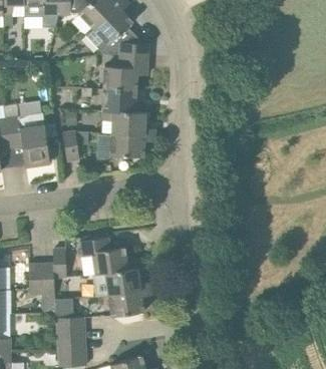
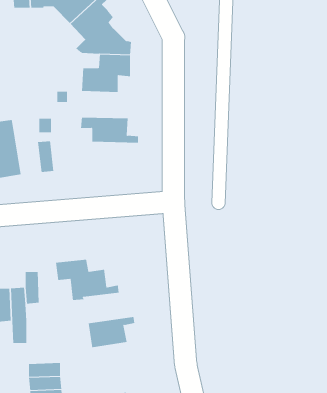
building: [103,88,145,112] -> none
building: [111,133,154,156] -> none
building: [92,268,150,297] -> none
building: [55,298,85,331] -> none

